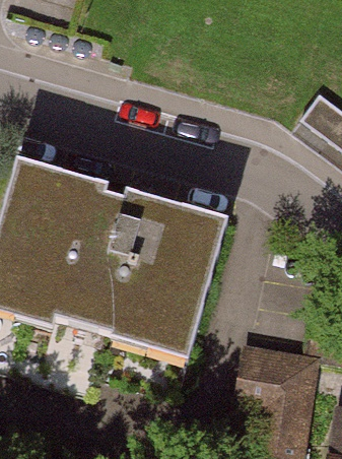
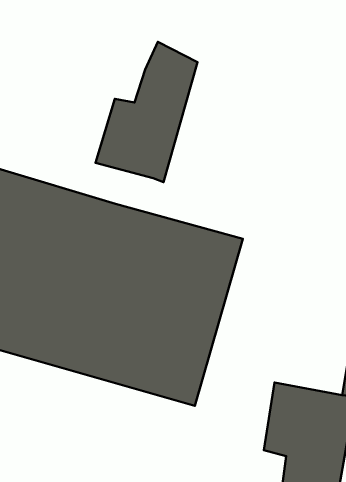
building: none -> [96,42,198,182]

